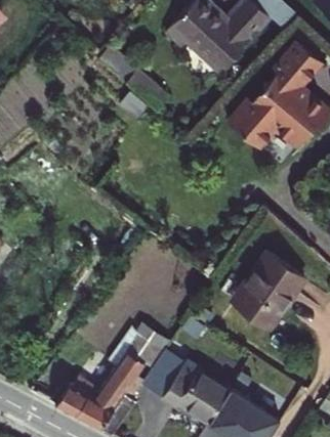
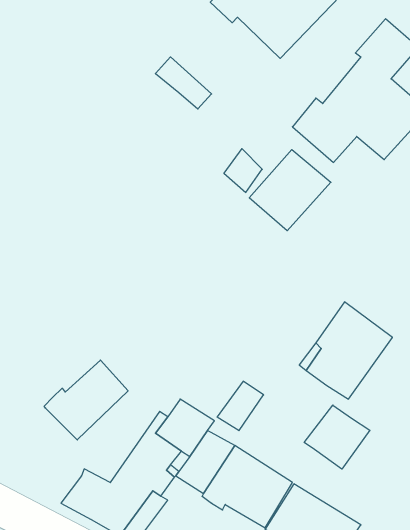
building: none -> [249,150,331,231]
building: none -> [44,360,128,440]
building: none -> [304,405,370,469]

